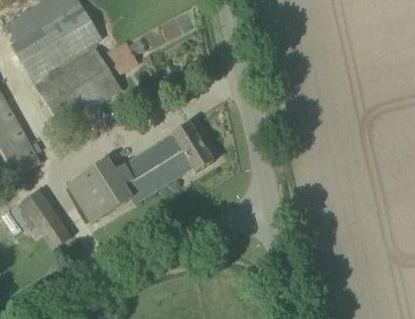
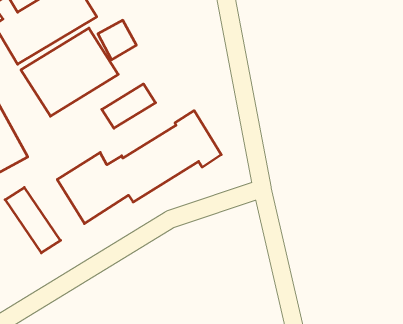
building: none -> [102,84,156,128]

